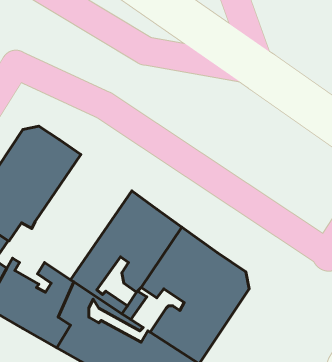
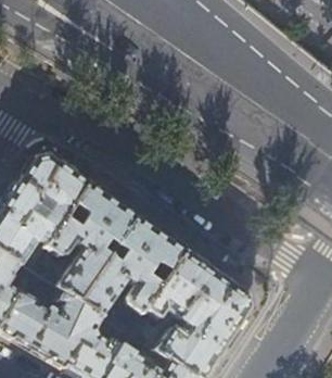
building: none -> [30,178,138,298]

